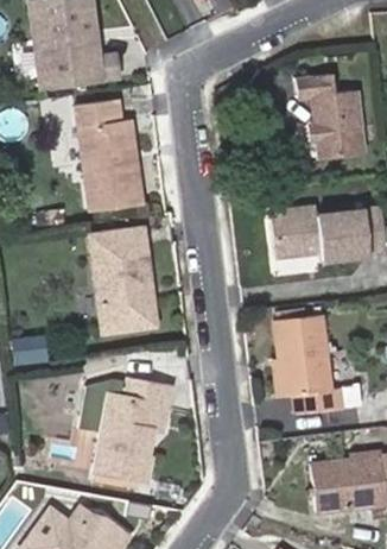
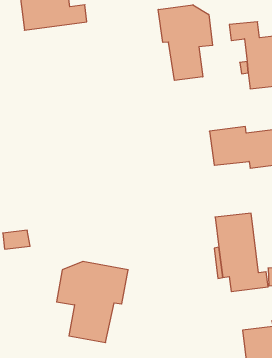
building: none -> [158,5,213,80]
building: [74,97,140,210] -> none
building: [88,227,156,332] -> none

